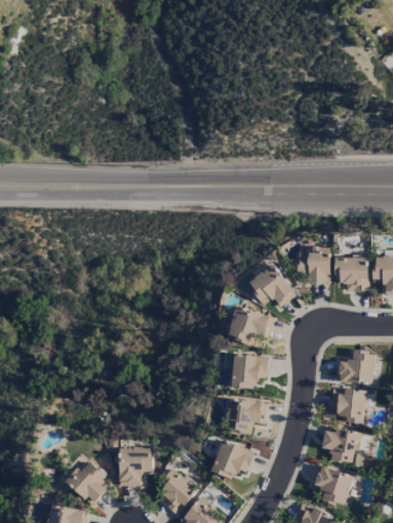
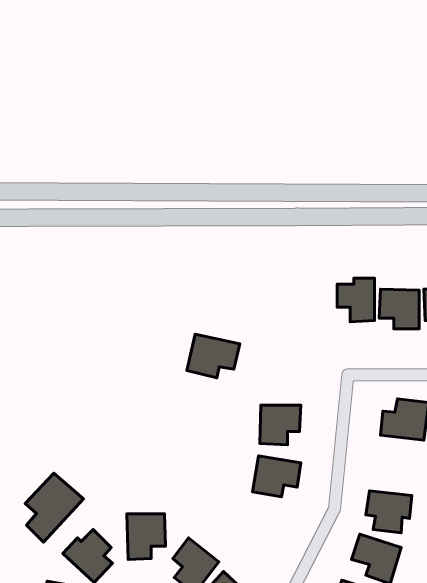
building: [248,264,298,308] -> none
building: [229,308,274,345] -> [187,334,240,378]
building: [332,388,366,424] -> none
building: none -> [25,473,84,542]
building: [211,440,254,479] -> none

